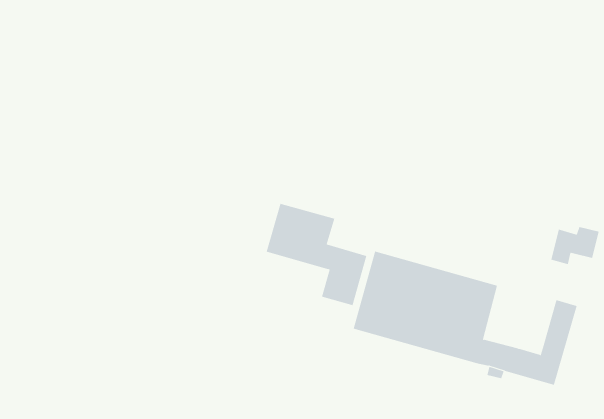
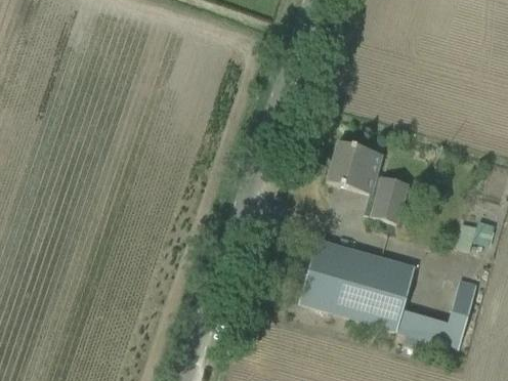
building: [266,203,367,306] -> [327,140,408,222]

